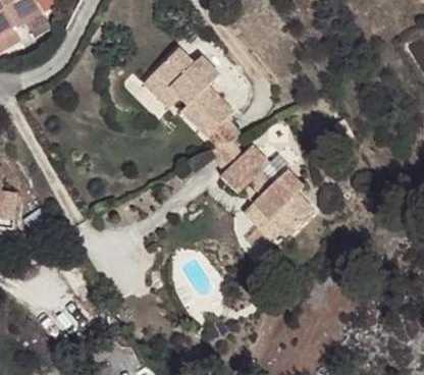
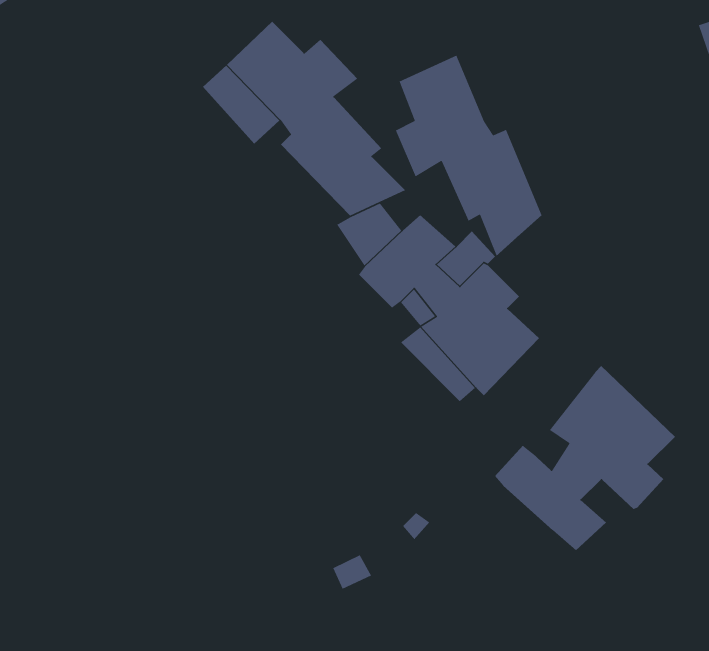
building: none -> [395,54,542,257]
building: none -> [494,365,676,551]

